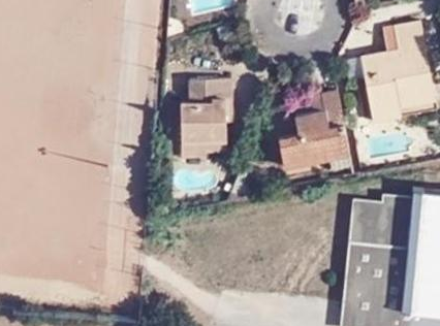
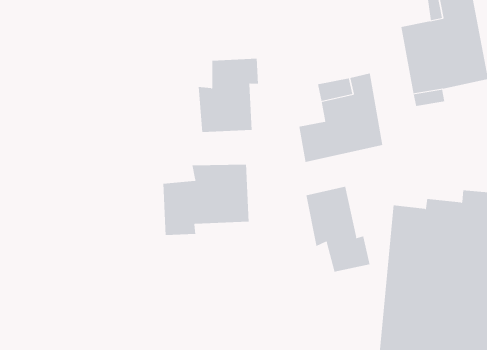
building: none -> [163,164,249,236]
building: none -> [306,186,370,273]

